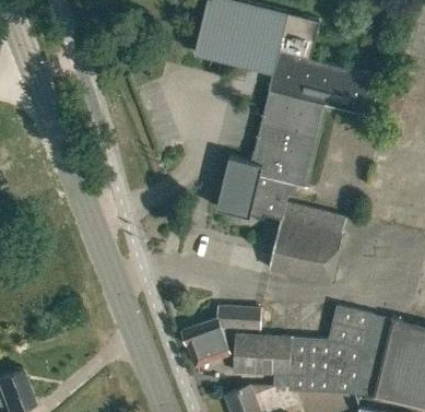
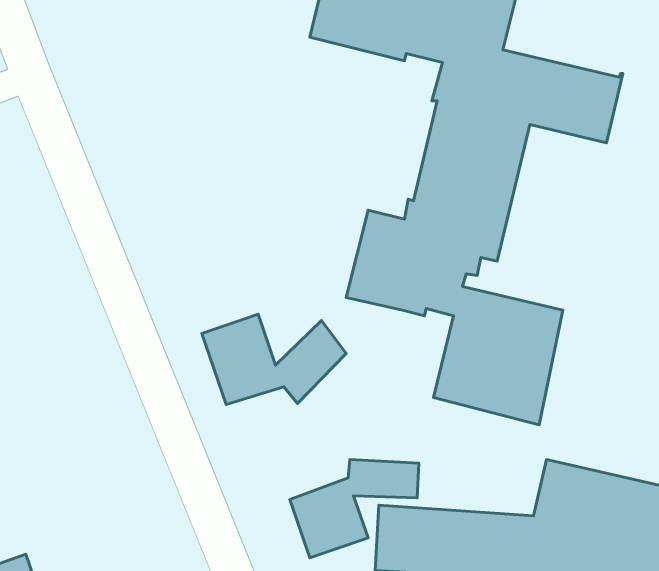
building: none -> [202,314,346,404]

